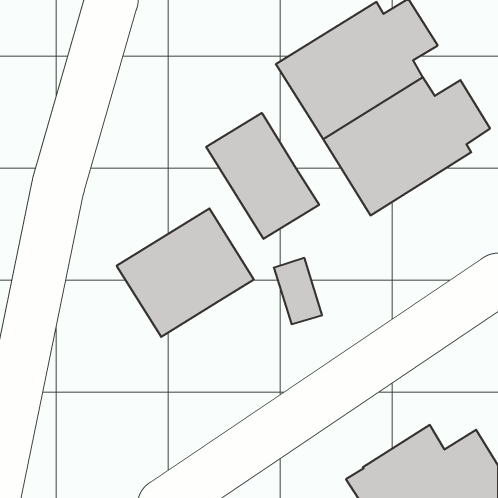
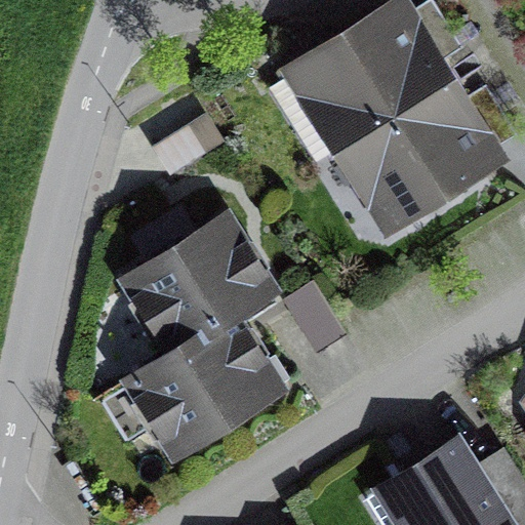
building: [206,113,319,239] -> none
building: none -> [124,321,270,457]

